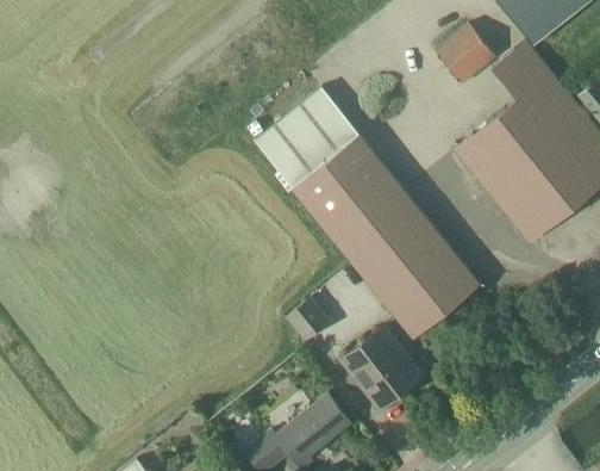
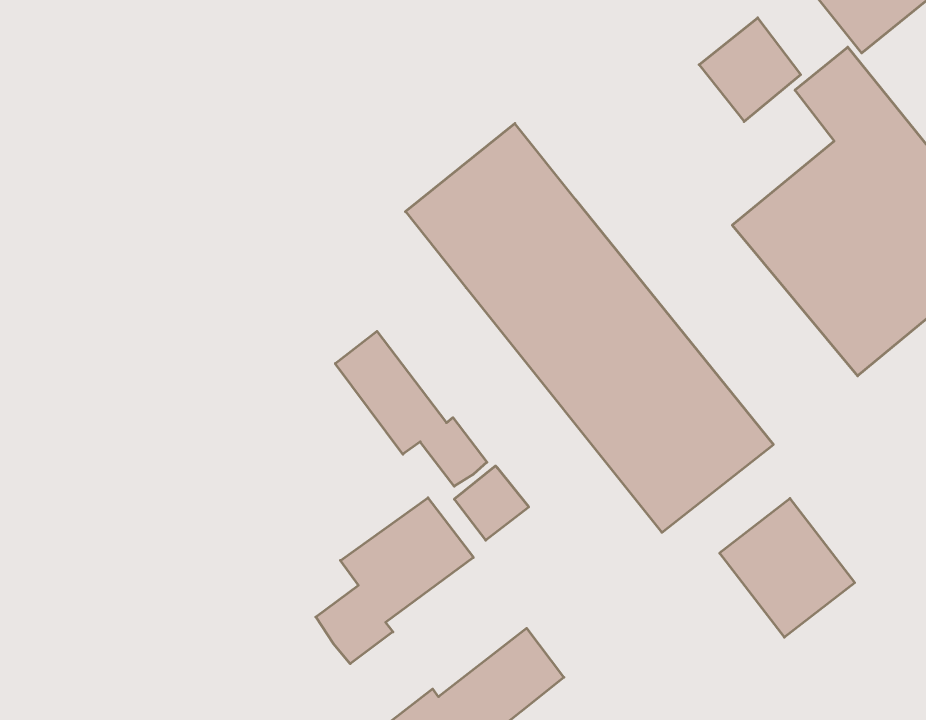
building: none -> [335,331,487,486]
building: none -> [316,498,473,664]
building: [340,326,423,410] -> [720,498,855,637]

